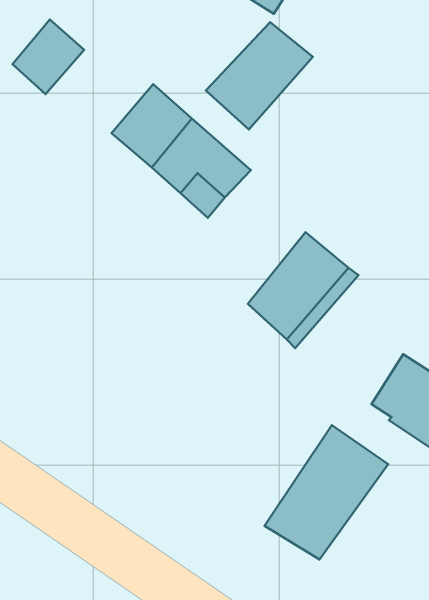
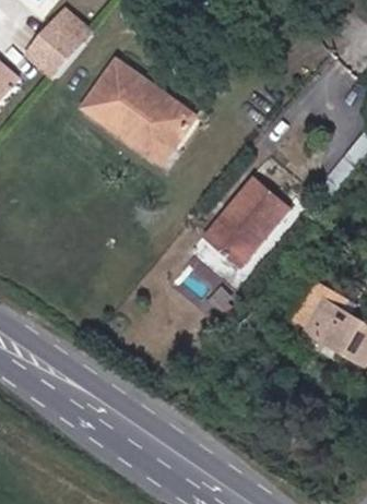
building: [206,22,313,130] -> none
building: [264,425,388,560] -> none

